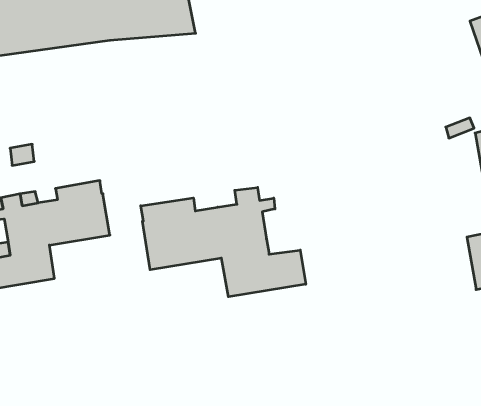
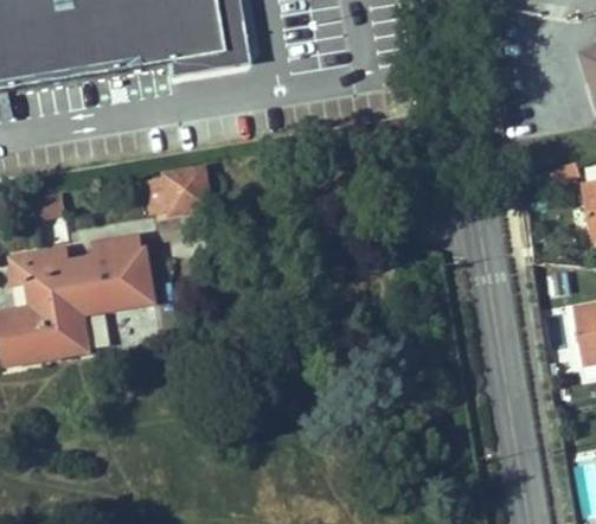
building: none -> [148,165,210,209]
building: [141,187,306,297] -> none

